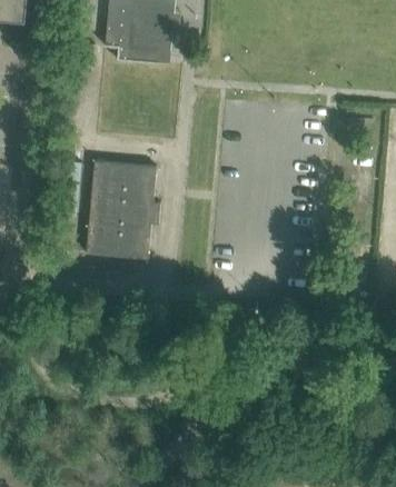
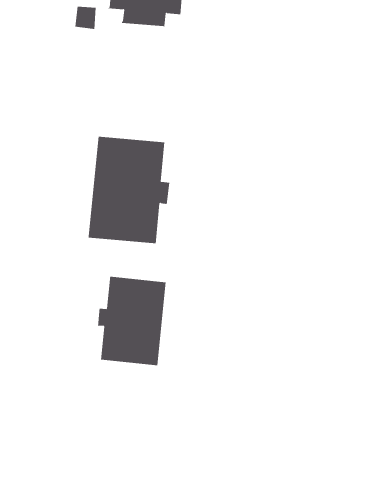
building: none -> [98,276,166,366]

